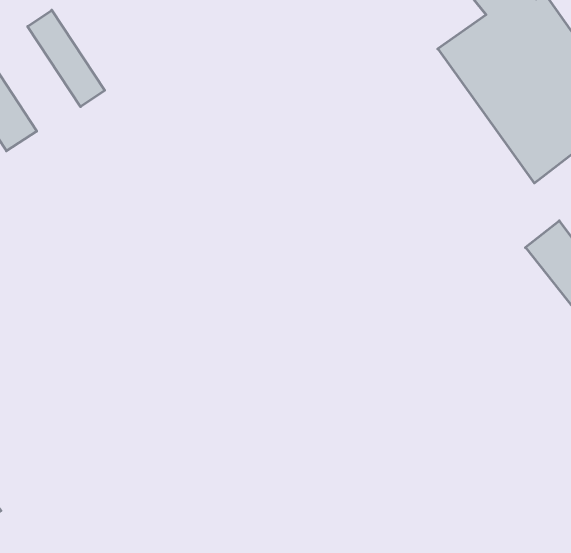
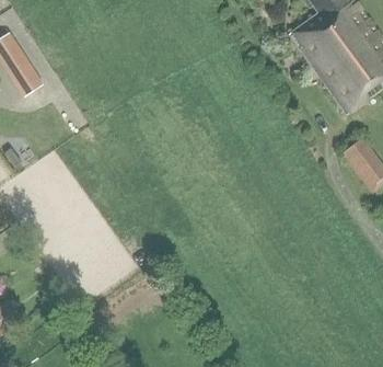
building: [28,10,105,107] -> none

